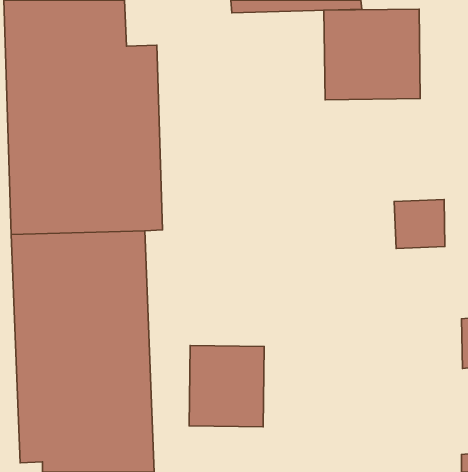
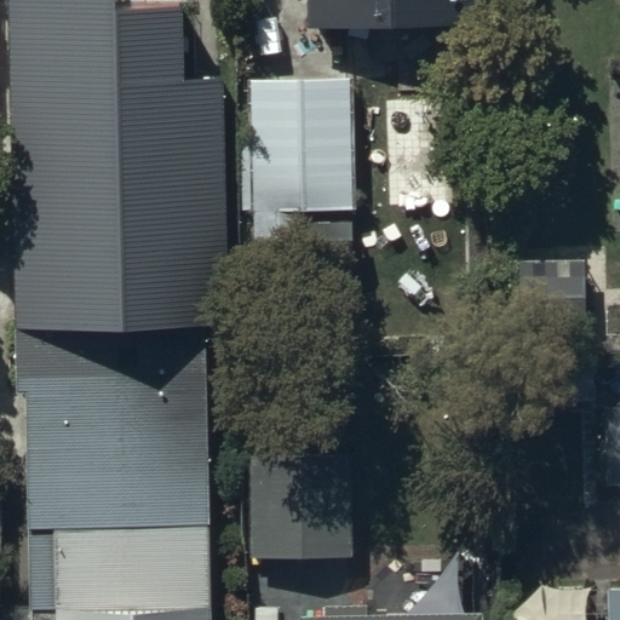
building: [324,9,420,100] -> none
building: none -> [254,71,352,259]

